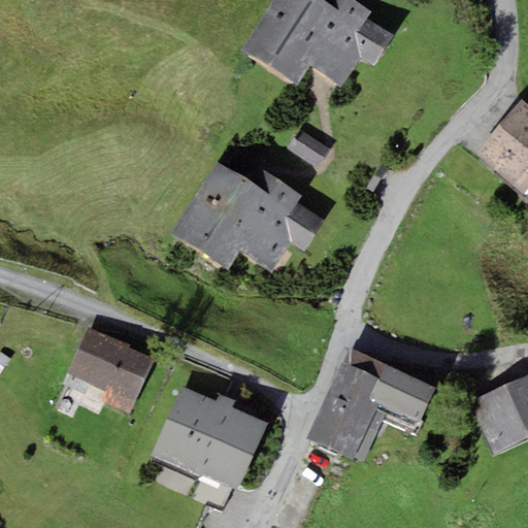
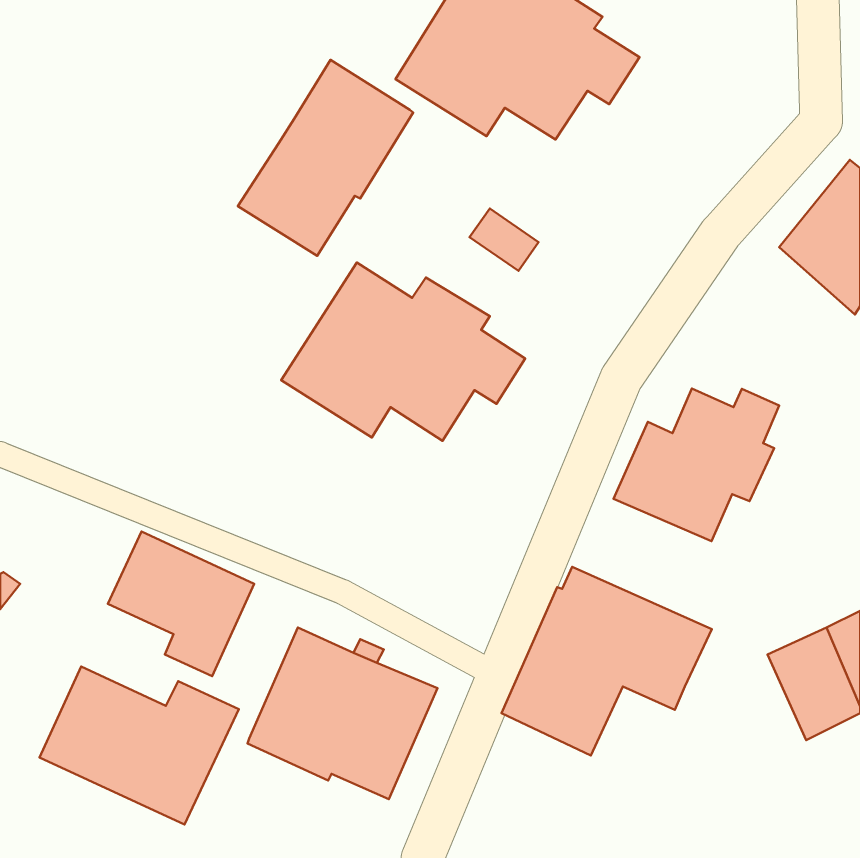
building: none -> [238,60,413,256]
building: none -> [614,389,779,541]
building: none -> [39,667,239,825]

